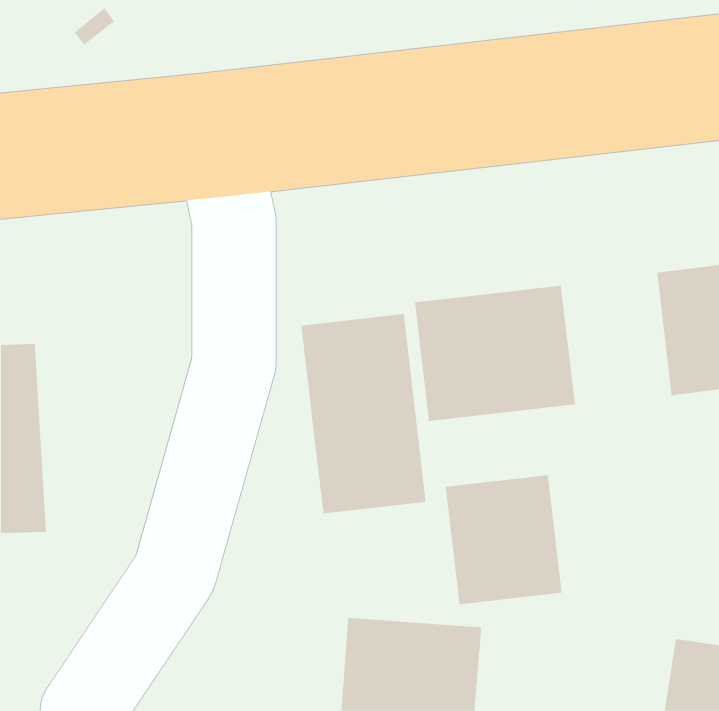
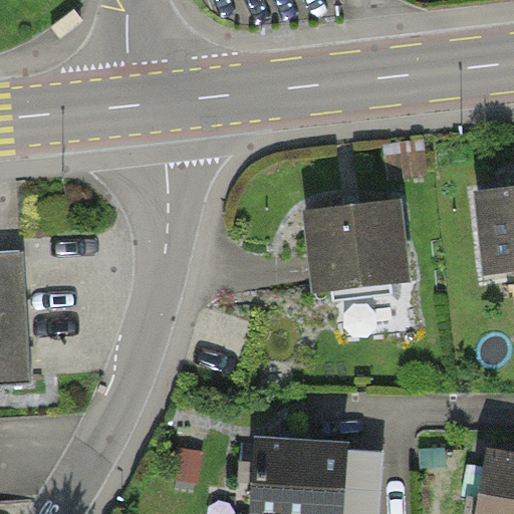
building: [301,313,426,514] -> none
building: [445,474,562,605] -> none

